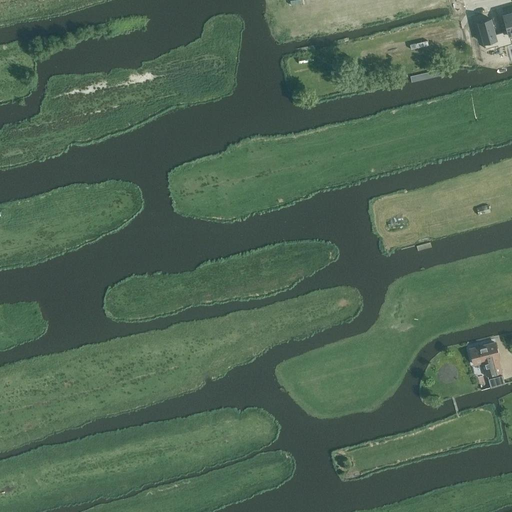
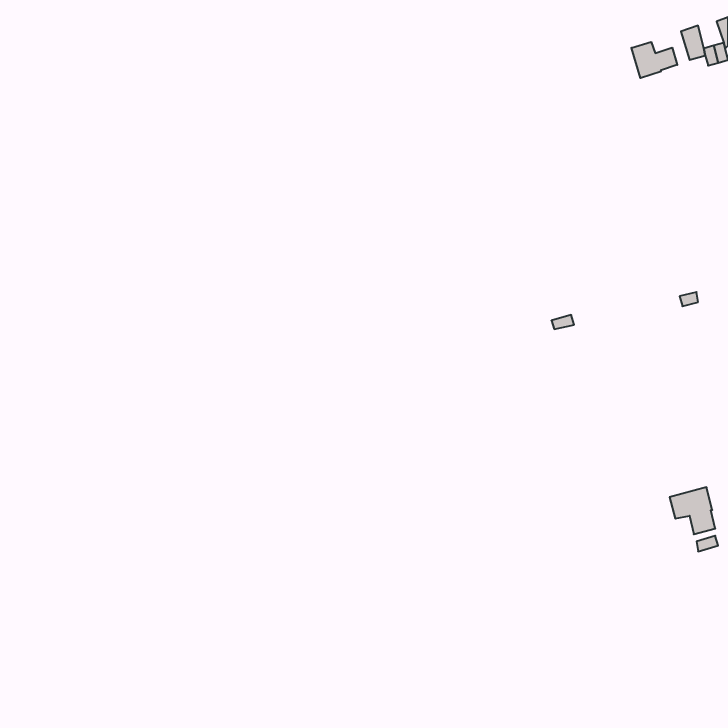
building: none -> [631,42,677,78]

